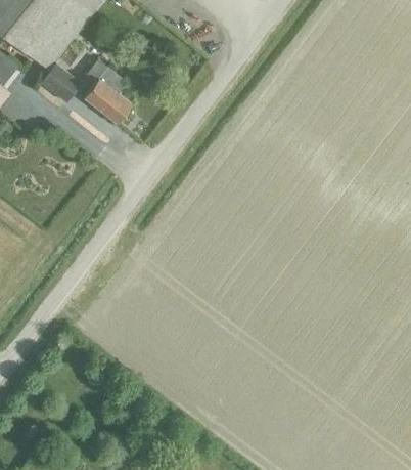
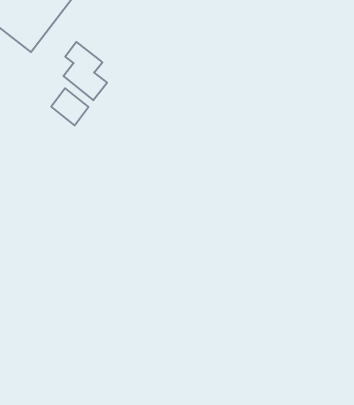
building: [41,61,82,102] -> [51,88,88,125]

